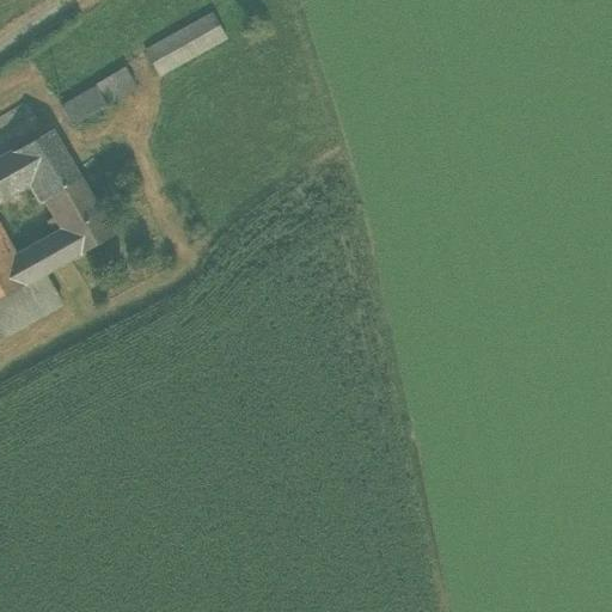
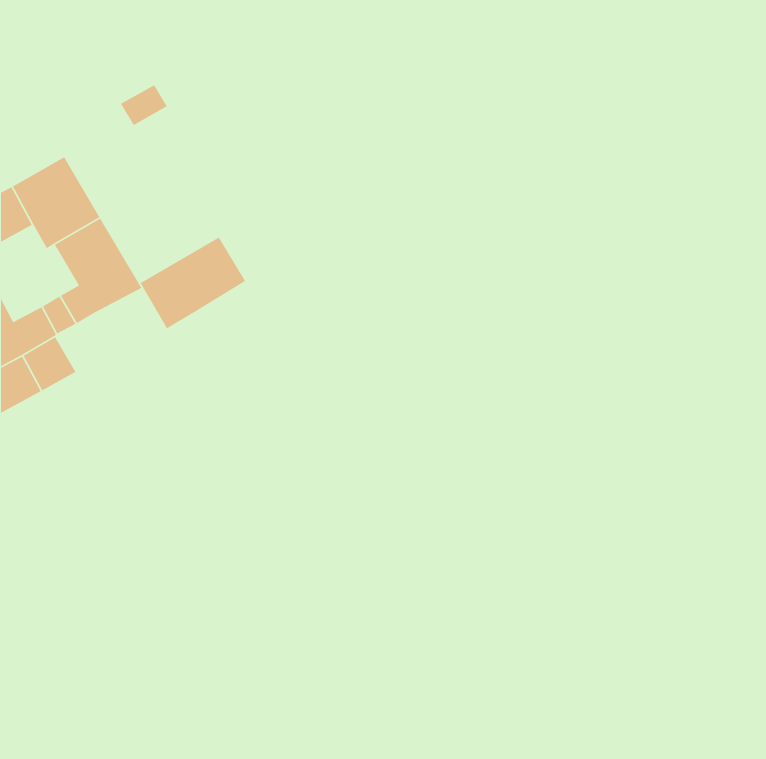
building: [139,16,224,82] -> none
building: [61,82,106,121] -> none
building: none -> [139,236,246,329]

